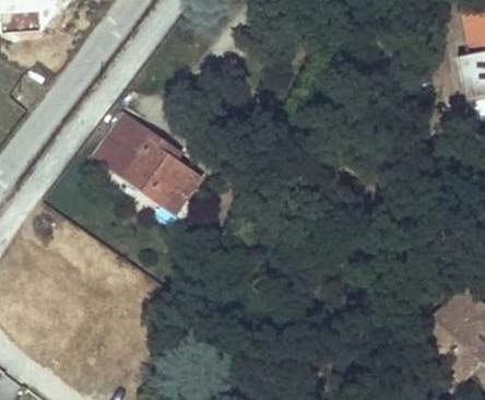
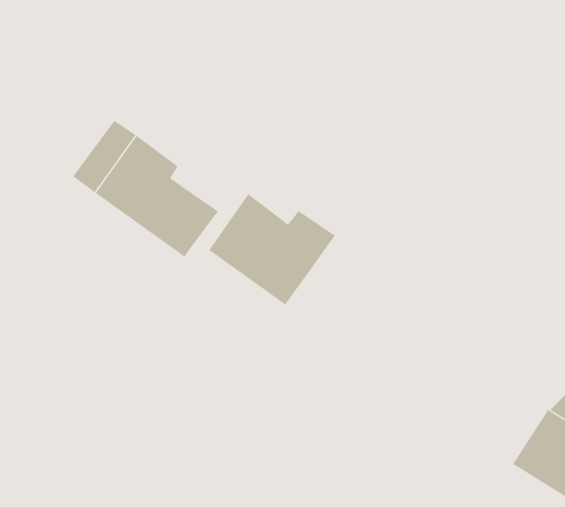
building: none -> [208,193,336,306]

